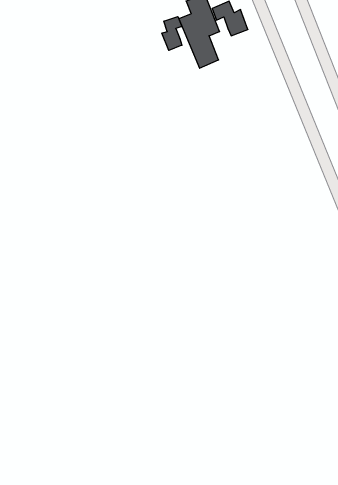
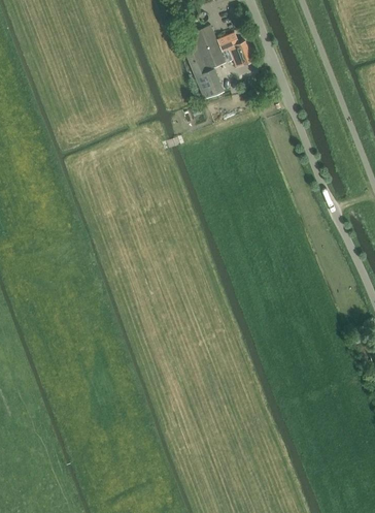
building: [162,17,182,50] -> none

